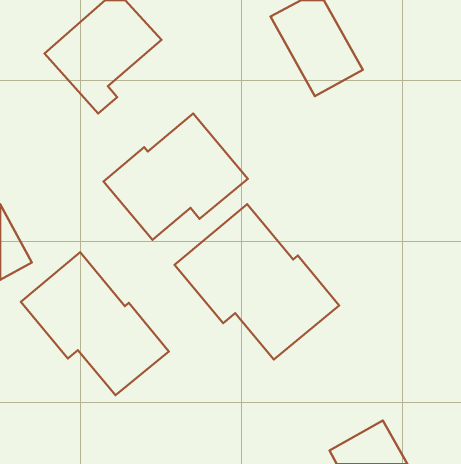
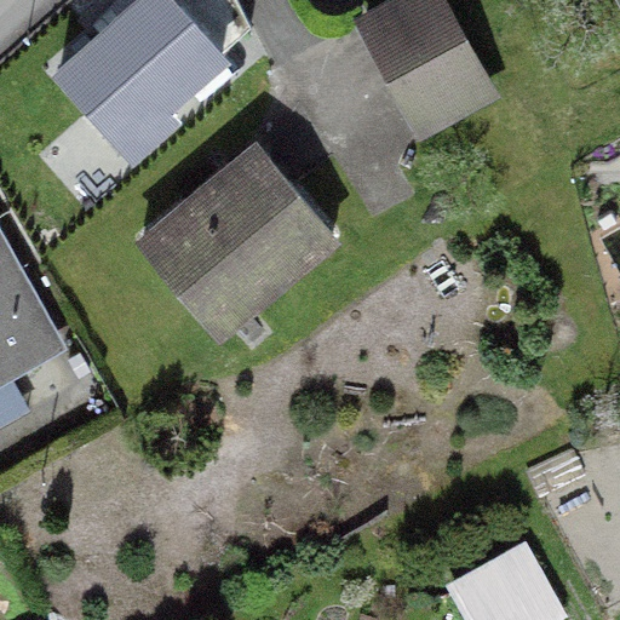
building: [174,204,339,359] -> none
building: [21,252,169,395] -> none

